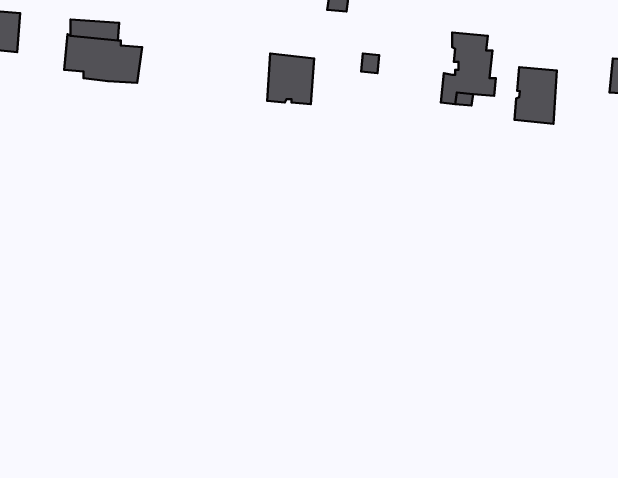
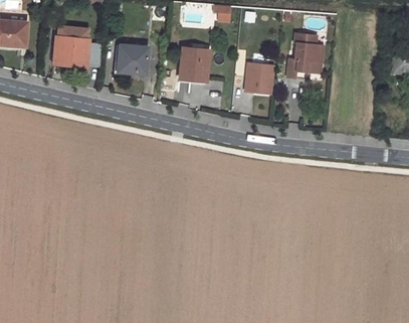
building: none -> [117,44,147,74]
building: [515,67,557,124] -> none
building: none -> [245,64,273,93]

